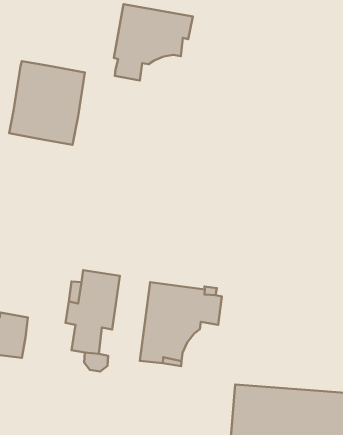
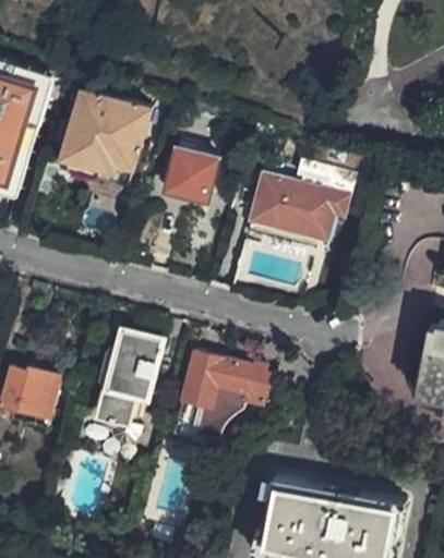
building: [114,4,193,80] -> none
building: none -> [249,159,347,251]
building: none -> [166,150,219,203]

